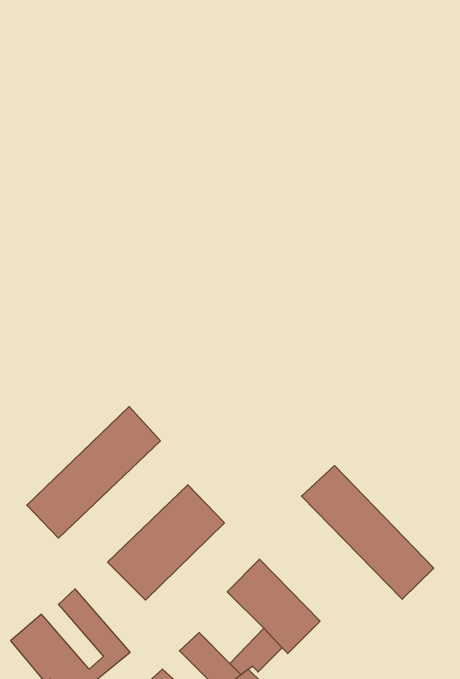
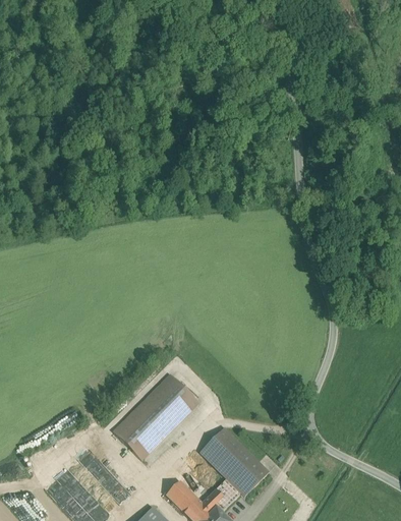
building: [27,407,160,538] -> none
building: [301,466,434,599] -> none

